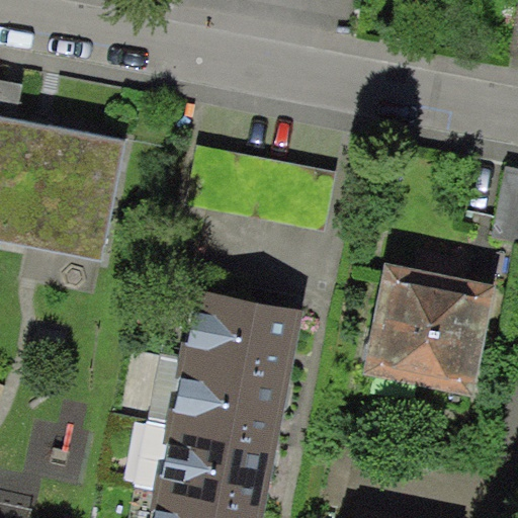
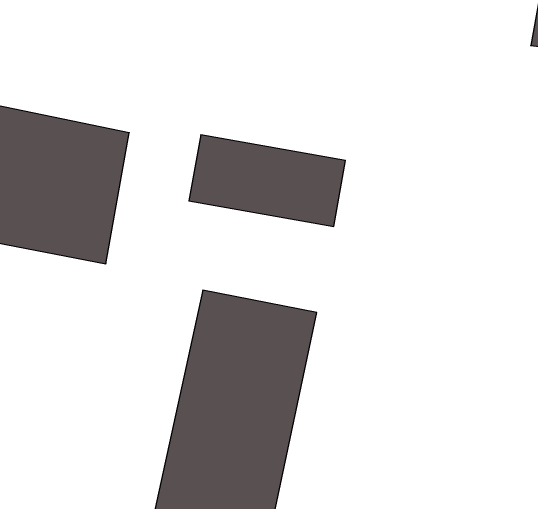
building: [359,258,494,401] -> none

